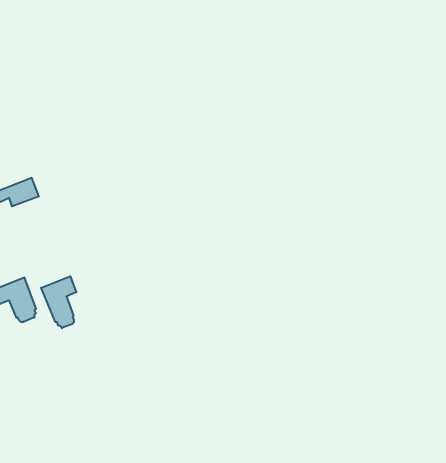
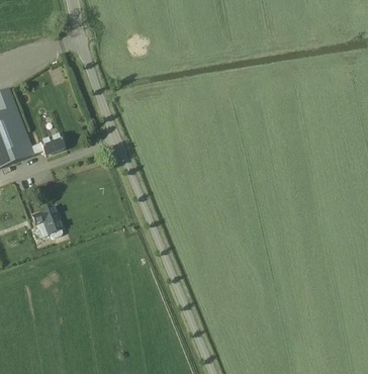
building: [41,276,76,328] -> none

